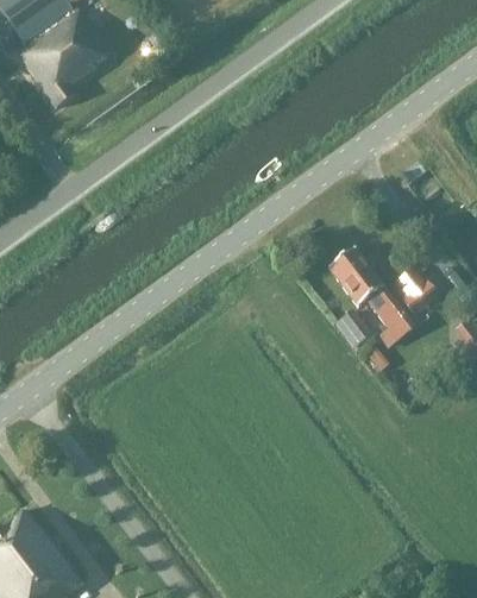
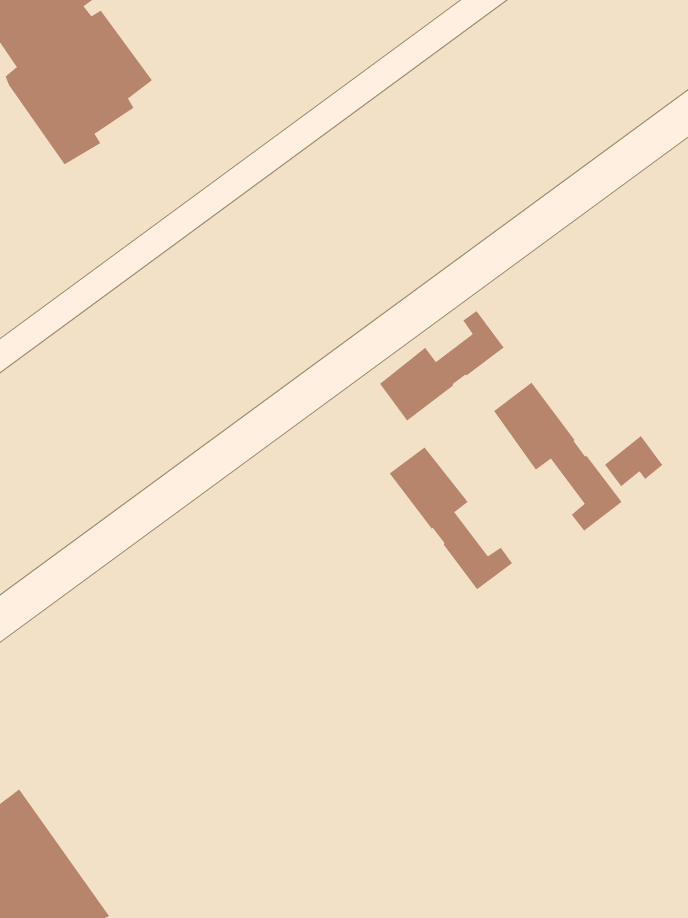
building: none -> [379,310,505,421]
building: none -> [389,446,513,590]

